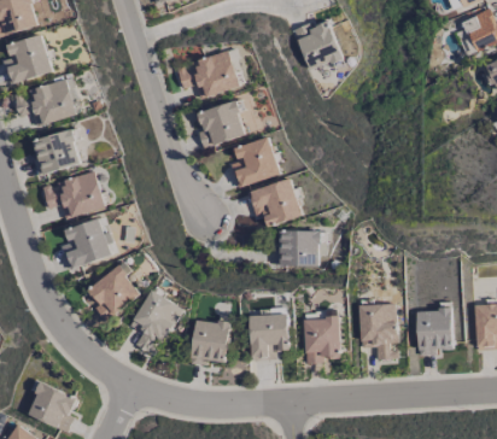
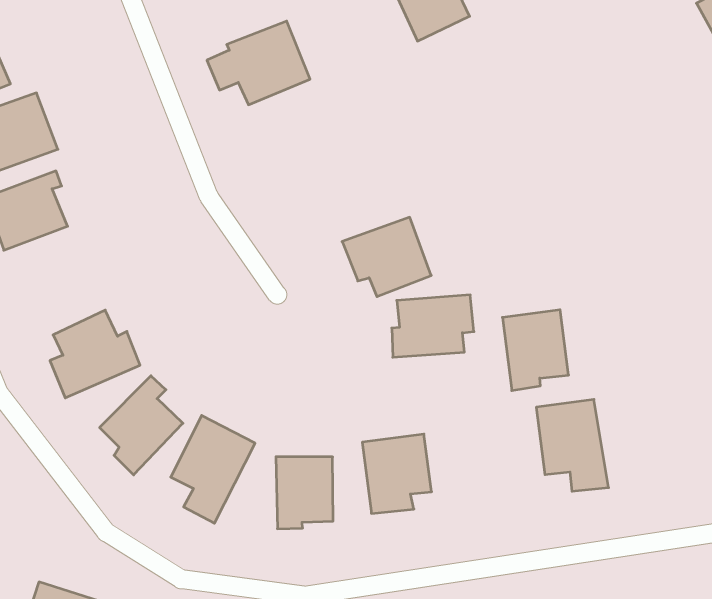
building: [198,99,246,147] -> none
building: [233,136,281,186] -> none
building: [42,170,105,218] -> none
building: [417,308,454,355] -> none
building: [304,316,341,363] -> [502,310,569,391]

